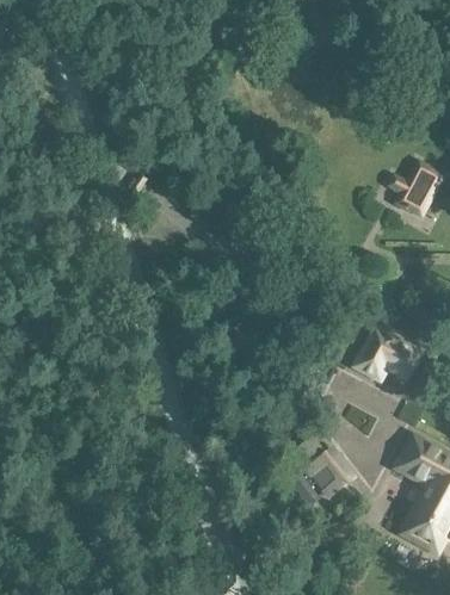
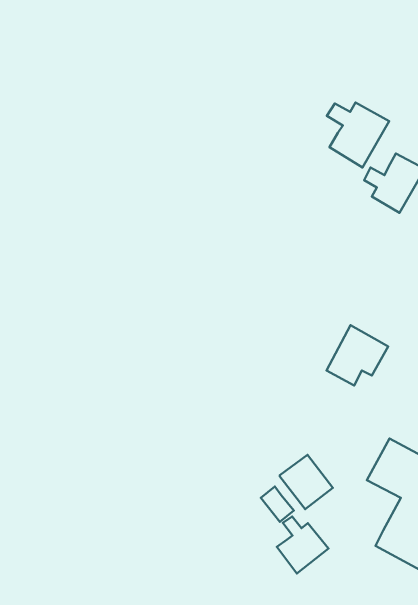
building: none -> [327,103,389,168]
building: none -> [277,517,328,573]

